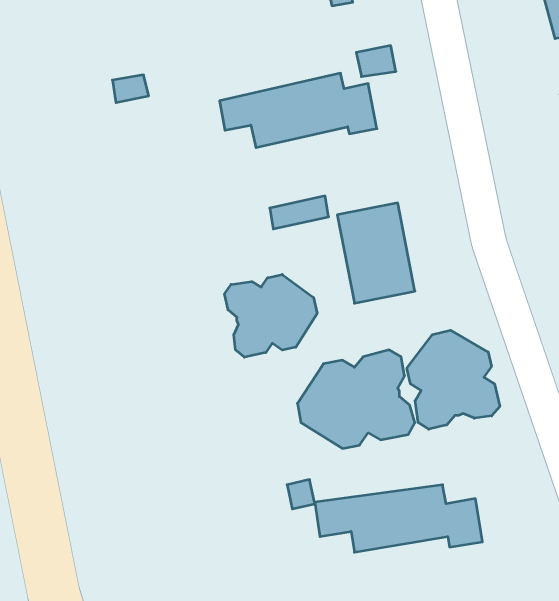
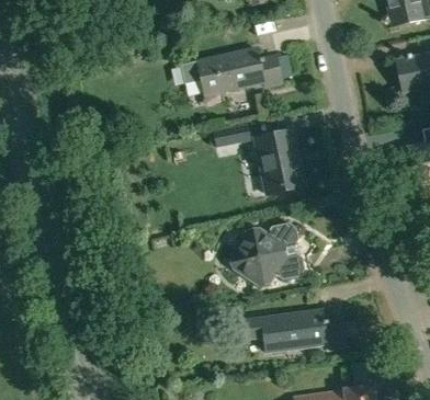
building: [225,274,317,357] -> none
building: [407,330,500,429] -> none

